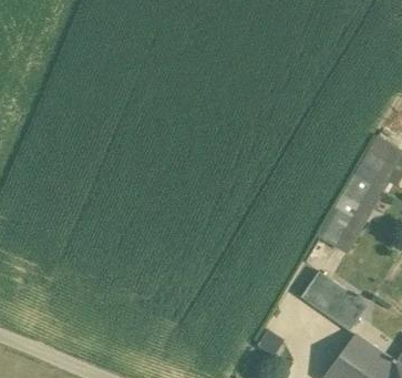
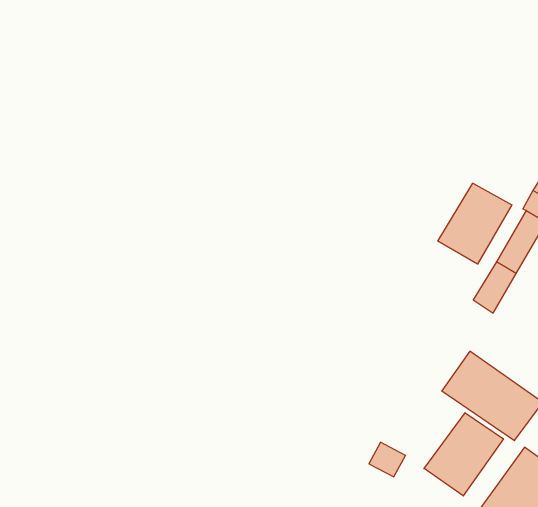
building: none -> [438,183,512,264]
building: none -> [424,413,503,496]

